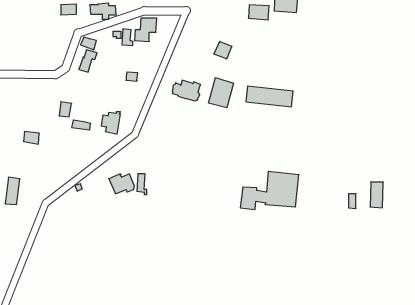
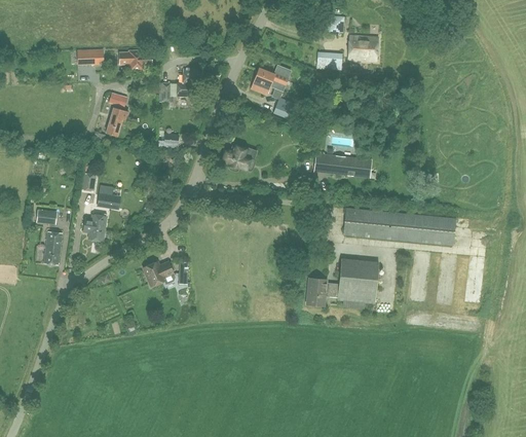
building: none -> [250,65,290,94]
building: [209,78,233,108] -> none
building: [101,112,120,134] -> [82,213,106,241]
building: none -> [343,208,454,244]
building: [5,177,20,205] -> [43,230,62,264]

